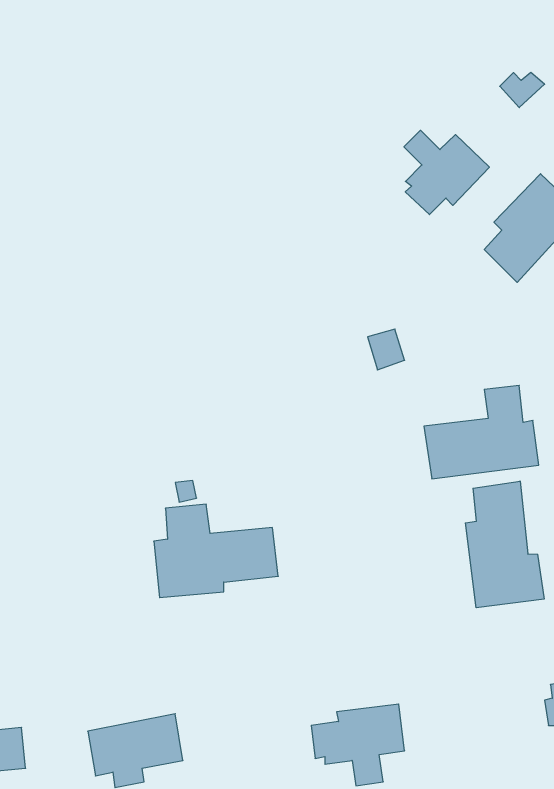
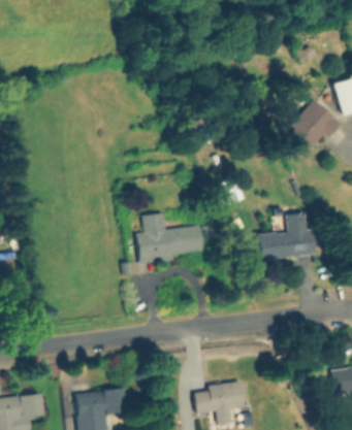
building: [404,130,489,215] -> none
building: [465,481,544,608] -> none
building: [154,504,278,598] -> [138,212,204,262]

